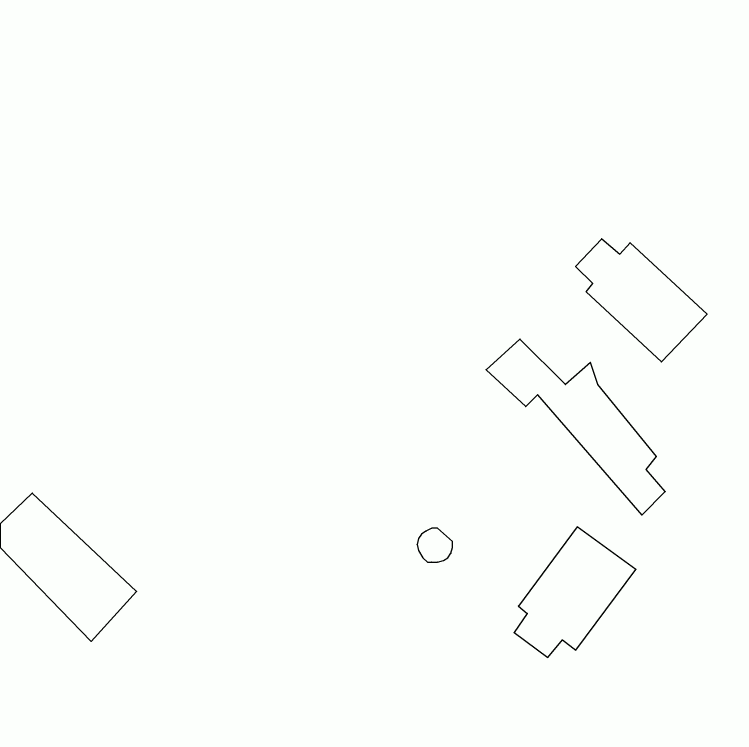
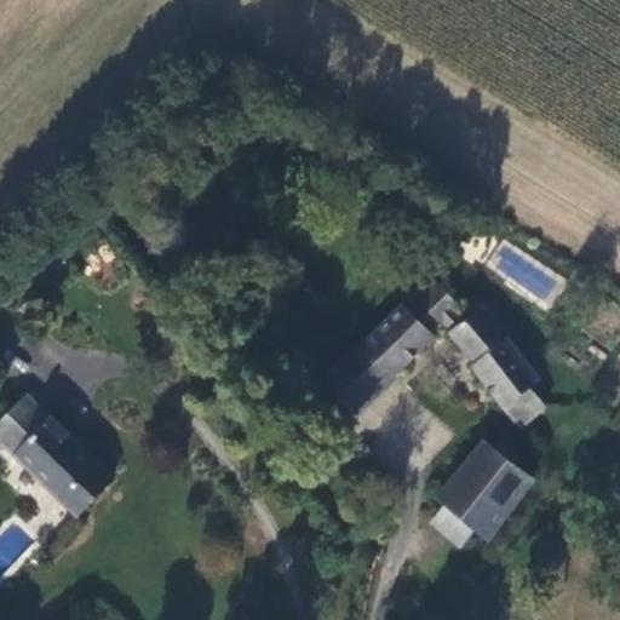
building: [576,239,707,362] -> none
building: none -> [327,308,435,412]

